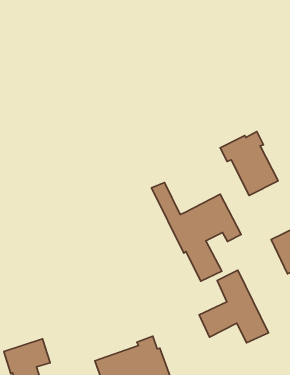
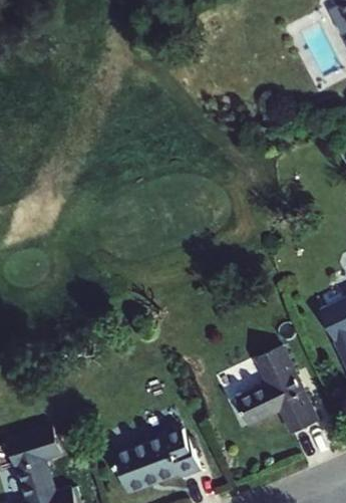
building: [220,132,278,196] -> none
building: [152,182,241,281] -> none

